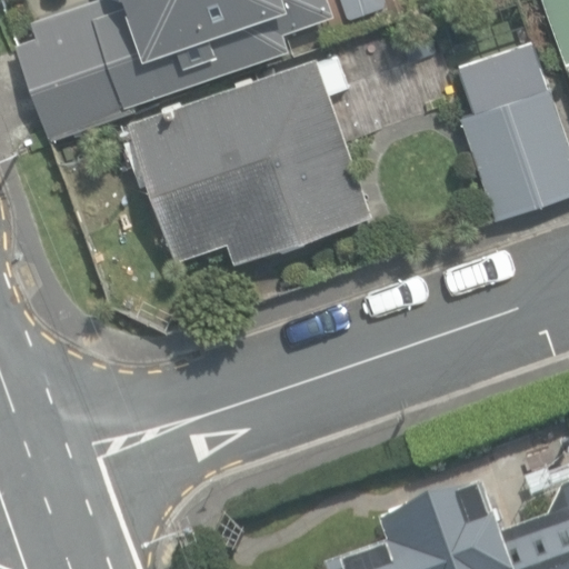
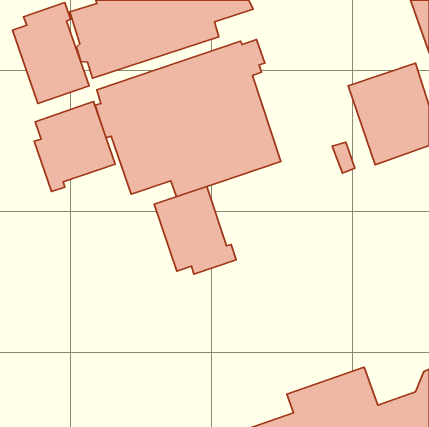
building: none -> [34,102,115,192]
building: none -> [154,186,236,274]

